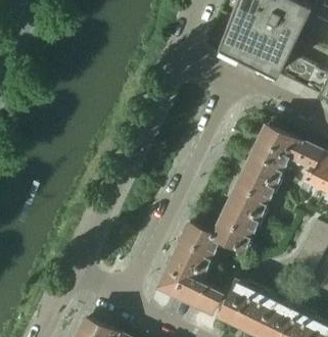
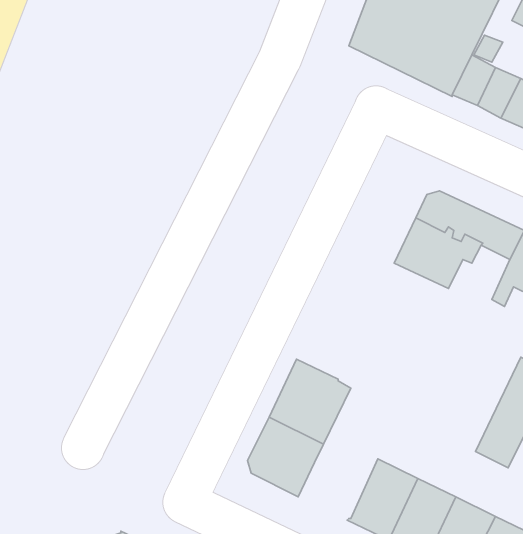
building: [214,167,276,249] -> none
building: [191,280,222,309] -> none

